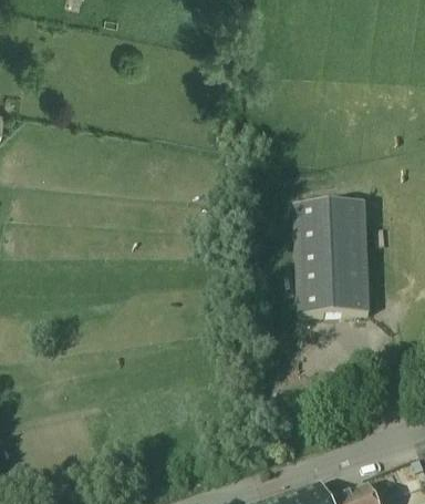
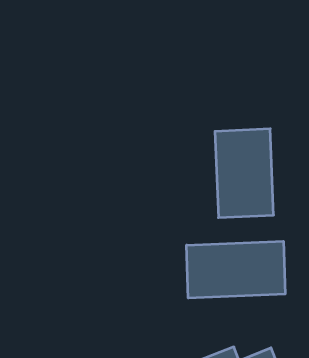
building: none -> [187,241,285,298]

